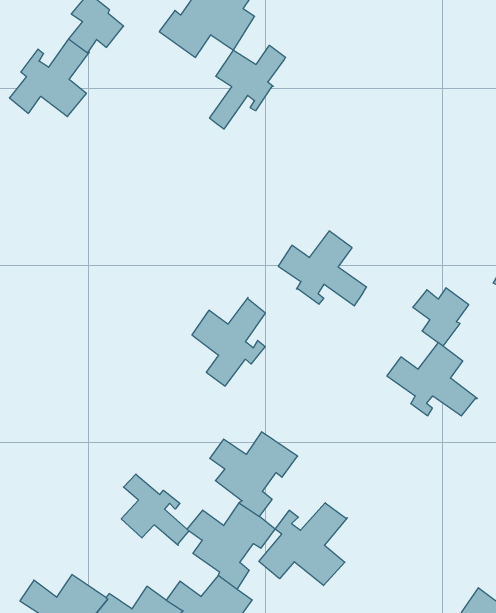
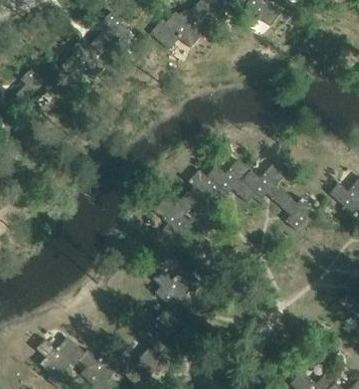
building: [210,45,286,129] -> none
building: none -> [187,168,218,200]
building: [387,343,477,416] -> [240,162,291,205]
building: [121,474,189,545] -> none
building: [259,503,347,586] -> none

